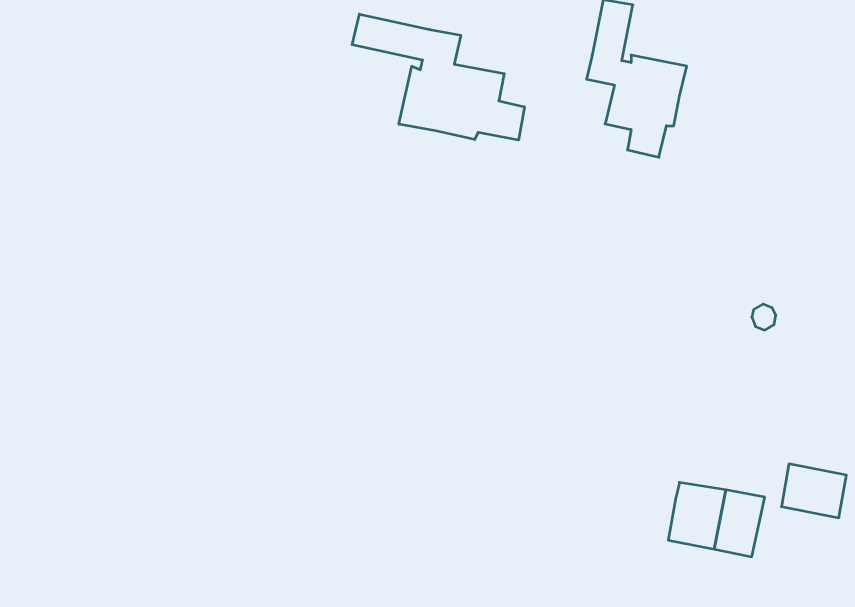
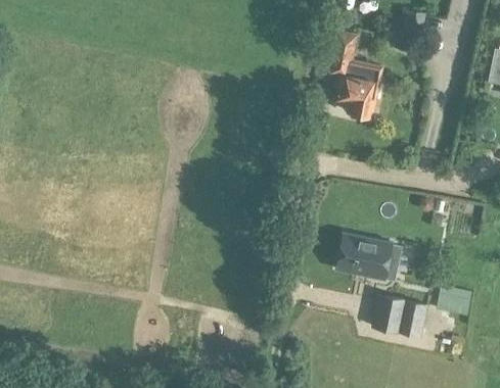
building: [352,14,524,140] -> none
building: none -> [336,234,401,282]

